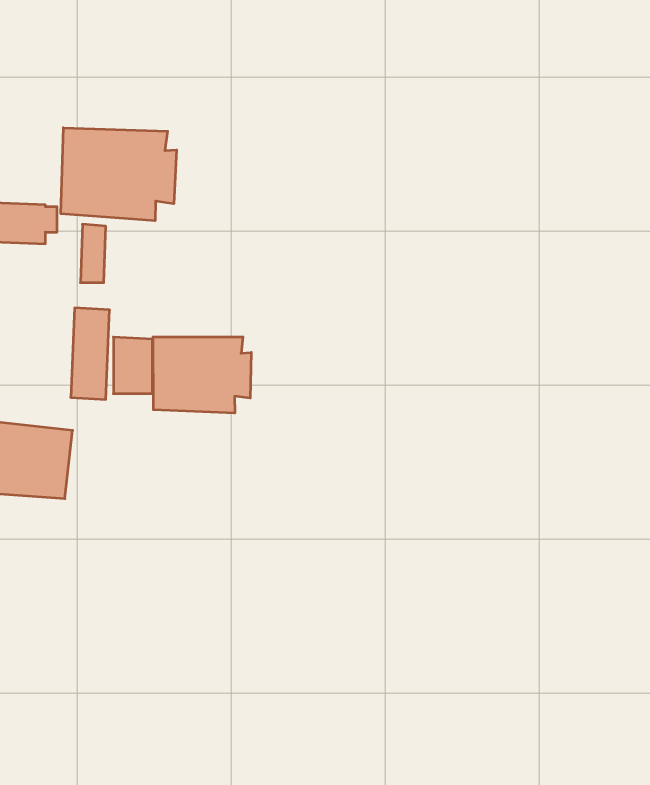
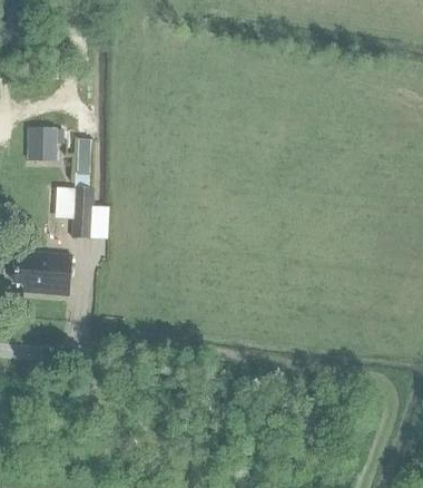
building: [61,128,177,221] -> none
building: [153,337,251,413] -> none

